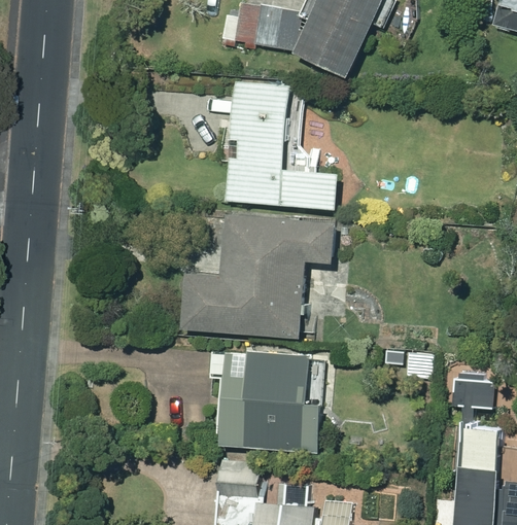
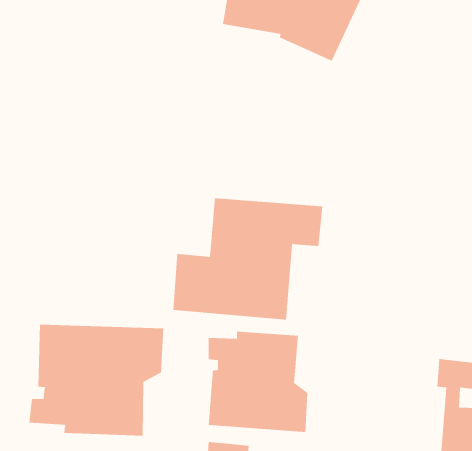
building: [222,80,339,211] -> none
building: none -> [29,324,164,437]

